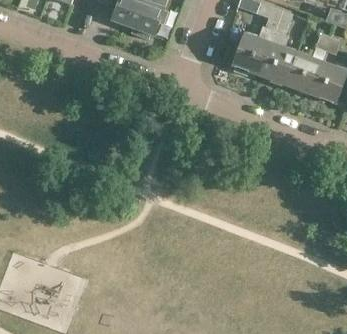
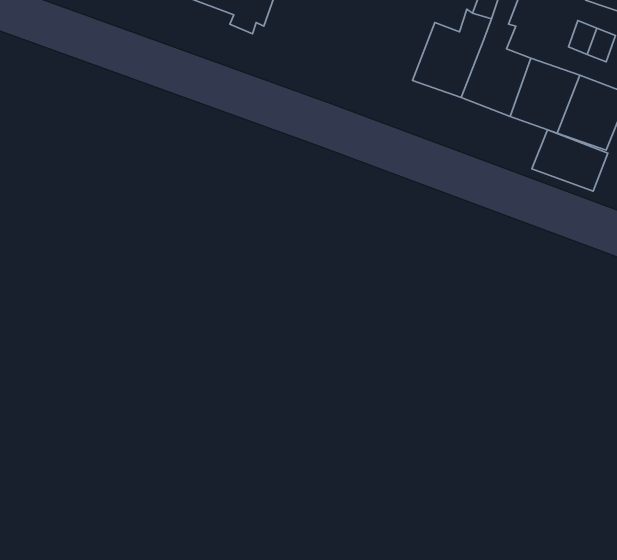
building: none -> [532,130,608,191]

